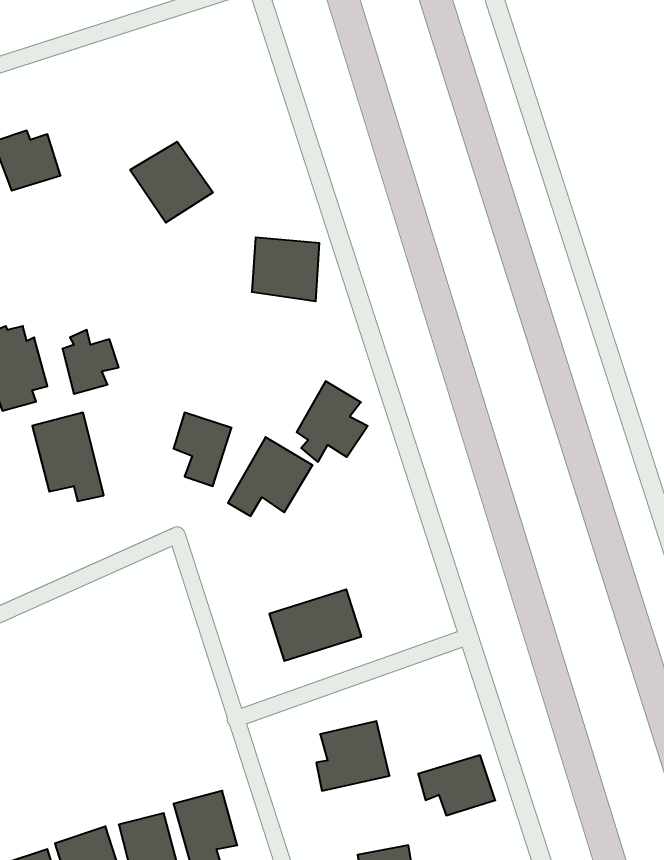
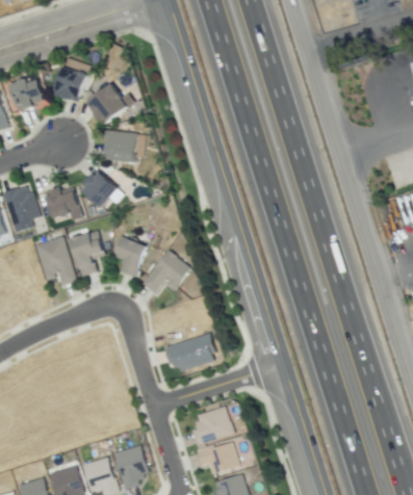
building: none -> [55,66,92,104]
building: [252,237,319,301] -> [104,130,141,165]
building: none -> [81,174,122,211]
building: [297,381,368,462] -> none
building: none -> [68,228,103,275]
building: [418,755,495,815] -> [195,439,237,472]

